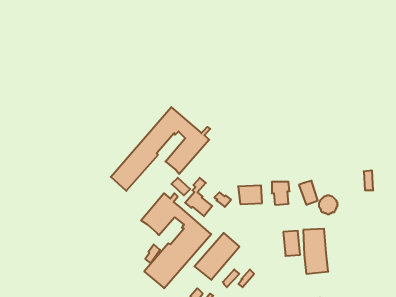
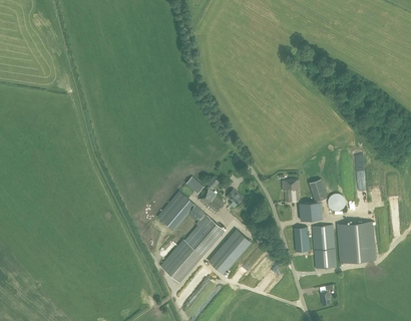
building: [111,107,210,191] -> none
building: [238,185,262,204] -> [299,203,322,221]
building: none -> [337,223,374,263]

